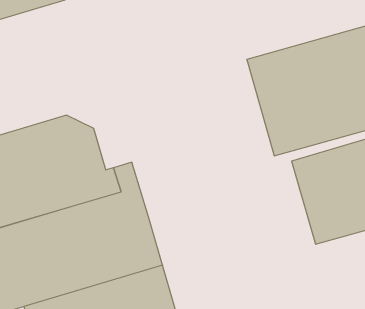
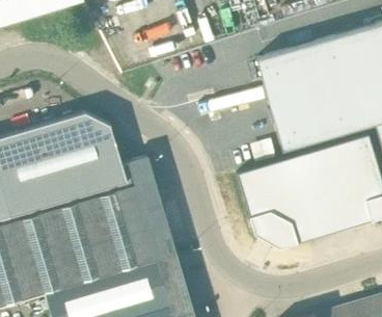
building: none -> [238,155,322,246]

